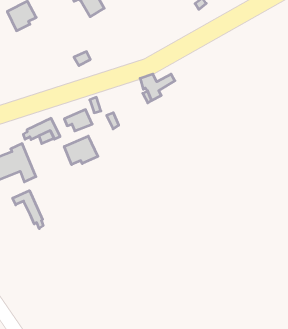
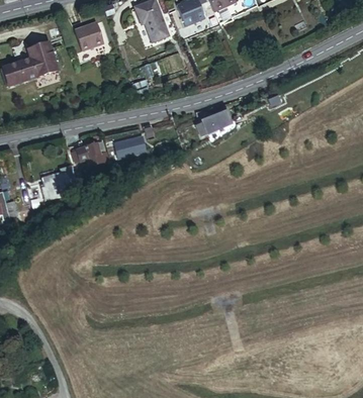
building: [64,136,98,165] -> none
building: [13,191,43,229] -> none

